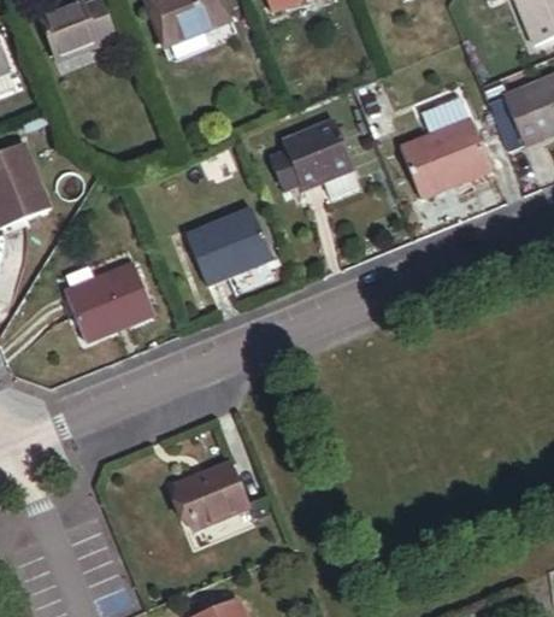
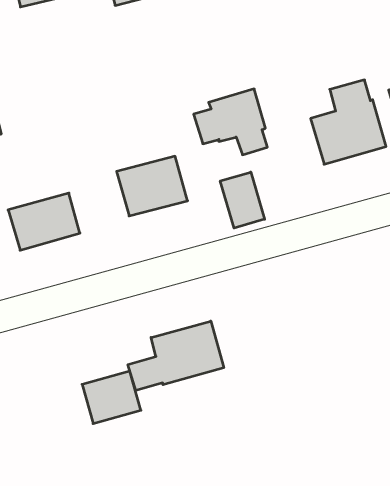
building: none -> [220,172,265,228]
building: none -> [128,321,224,390]

